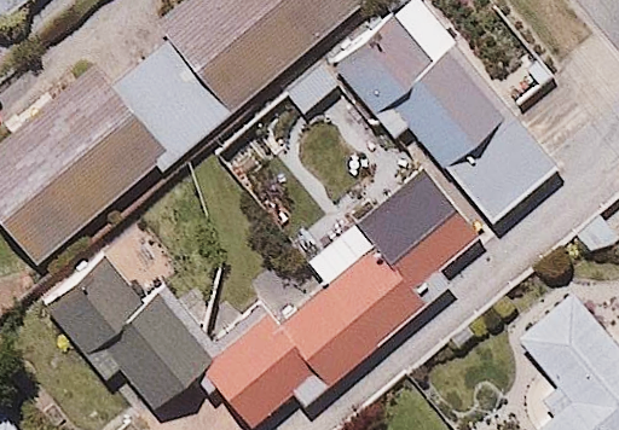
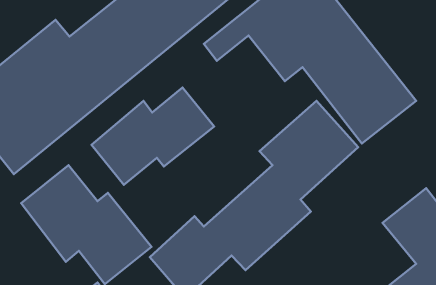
building: none -> [92,87,214,185]

